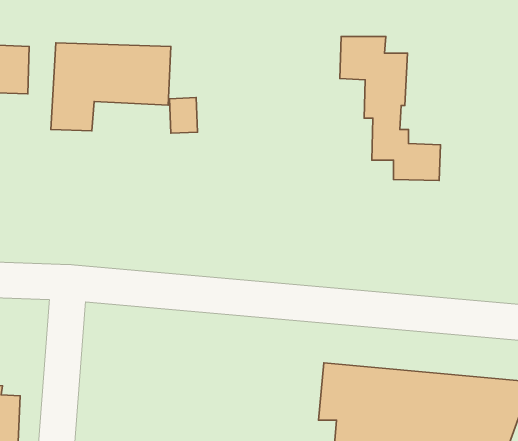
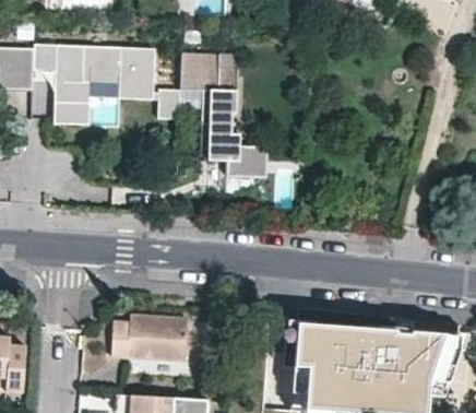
building: [340,37,441,181] -> [181,51,267,175]
building: none -> [108,318,188,364]

